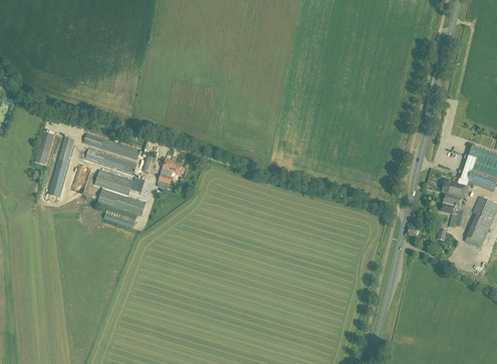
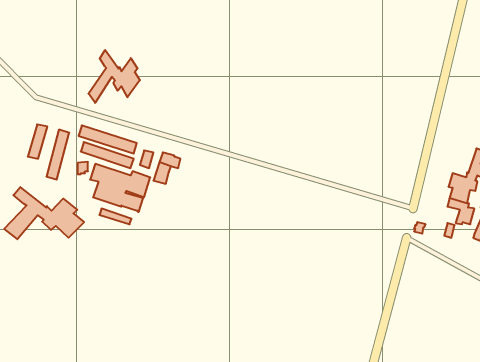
building: none -> [88,50,140,103]
building: none -> [4,187,84,239]

